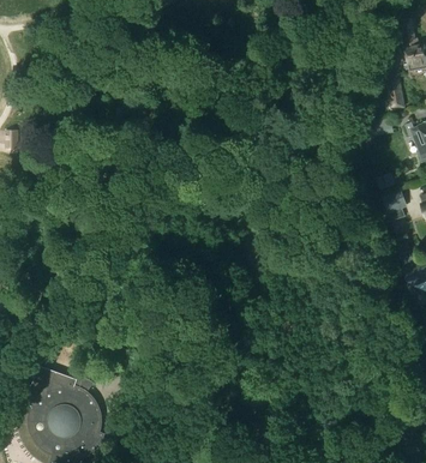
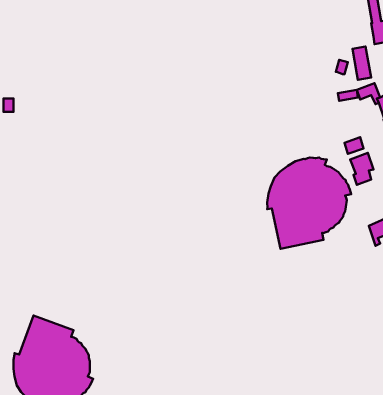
building: none -> [267,157,351,249]

